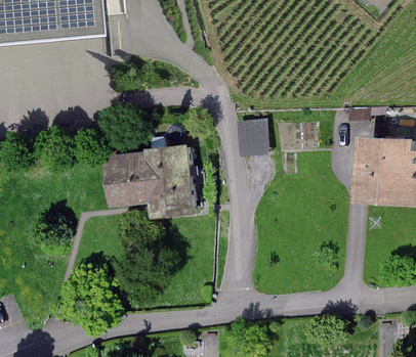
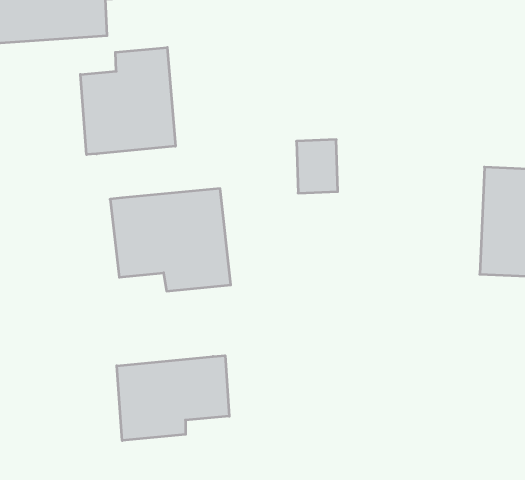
building: none -> [80,47,175,155]
building: none -> [117,356,229,441]

